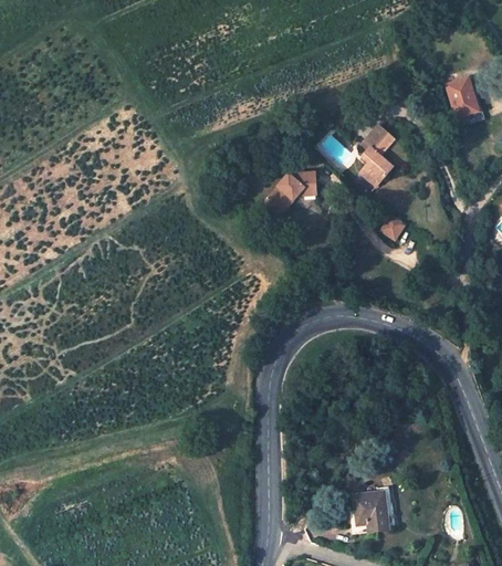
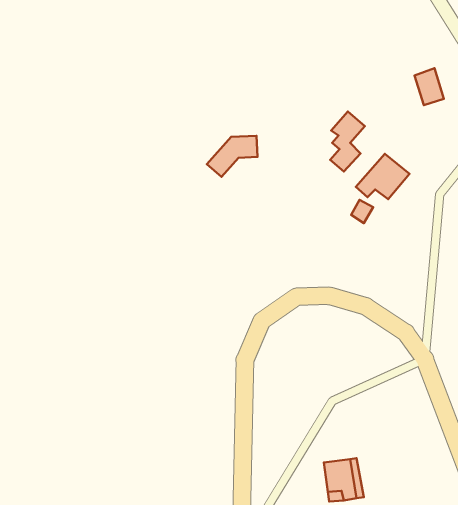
building: none -> [356,154,410,199]
building: [263,174,316,217] -> [207,136,257,177]

